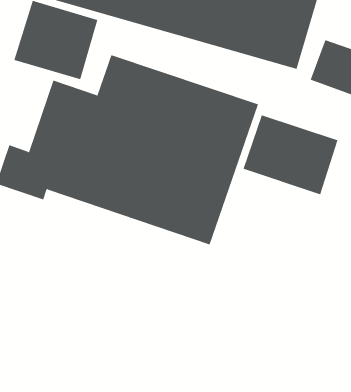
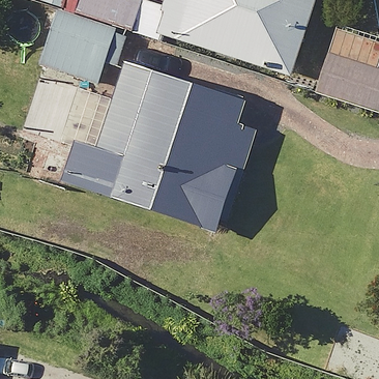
building: [243,115,338,195] -> none

